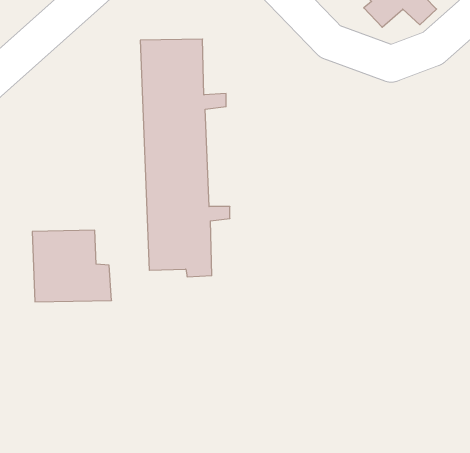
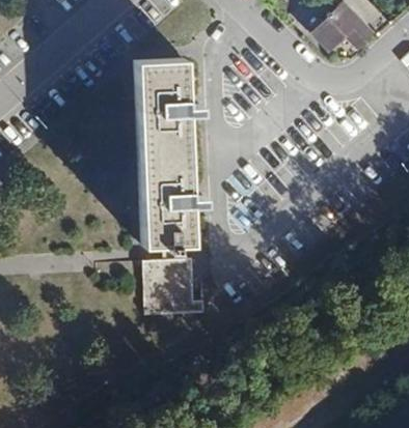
building: [32,230,112,302] -> [143,257,207,314]

